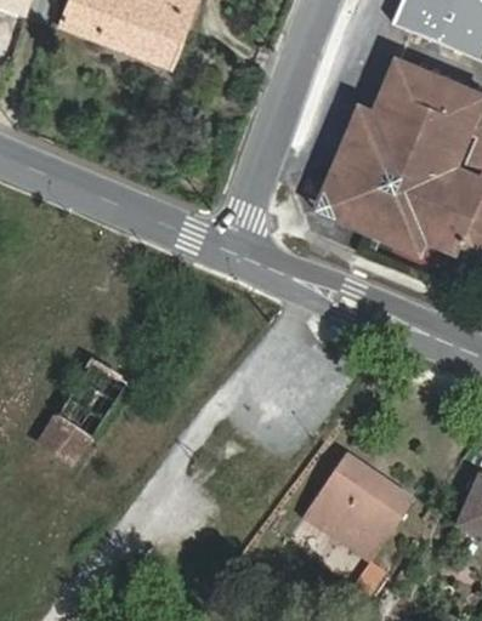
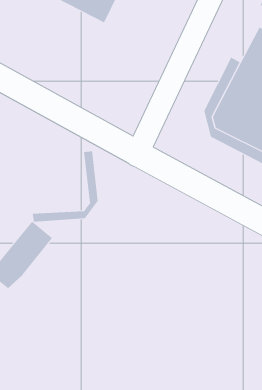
building: none -> [32,151,98,222]
building: [302,451,415,560] -> none

